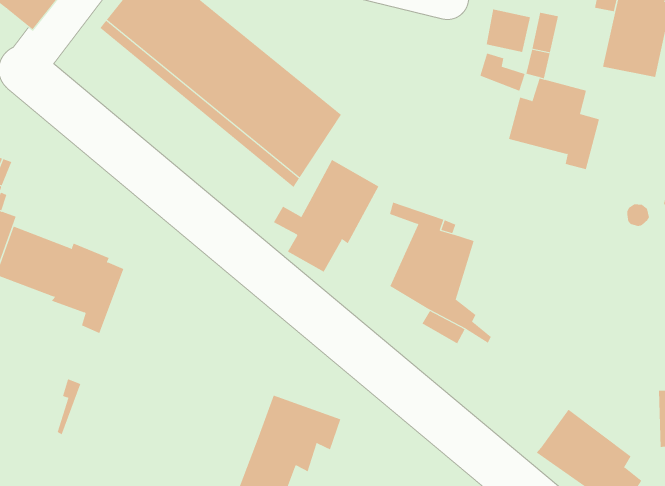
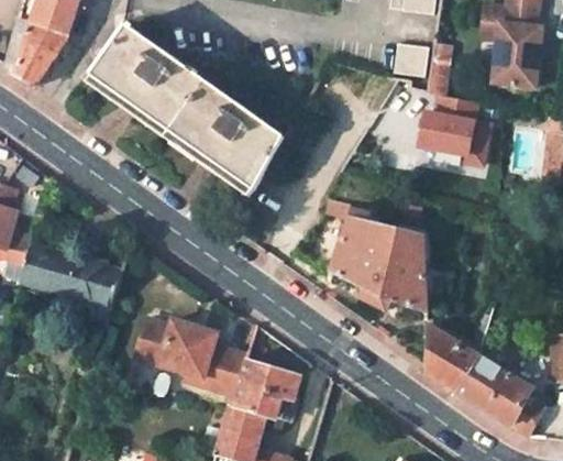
building: [273,159,379,272] -> none
building: none -> [385,228,479,387]
building: none -> [139,316,249,395]

